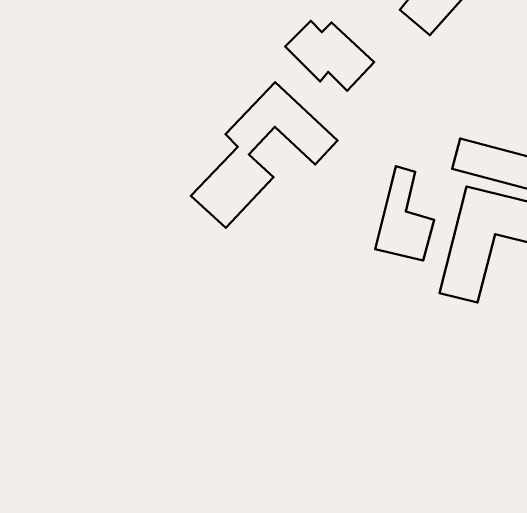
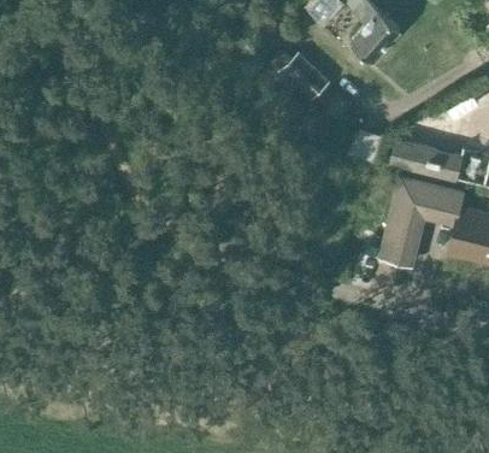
building: [191,82,337,228] -> none
building: [375,166,434,261] -> none

